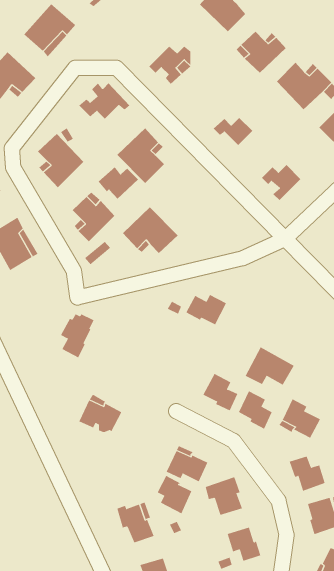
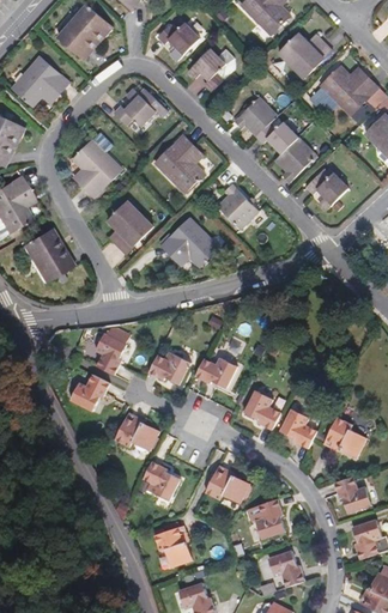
building: none -> [157,23,199,60]
building: none -> [231,97,274,135]
building: none -> [273,138,315,183]
building: [98,167,139,200] -> none
building: none -> [217,183,257,227]
building: [186,294,227,325] -> [194,357,237,389]
building: none -> [147,351,190,386]
building: [245,347,294,386] -> none
building: none -> [69,374,109,412]
building: [157,475,192,514] -> [143,461,180,502]

